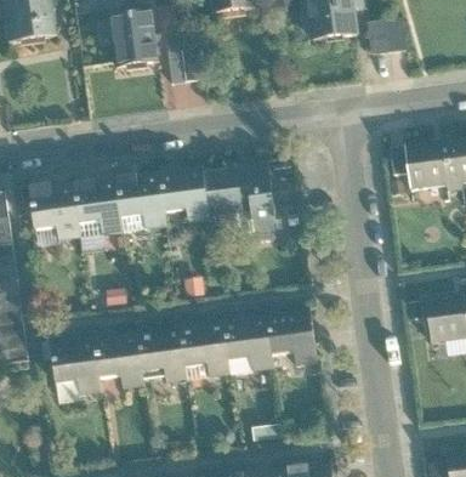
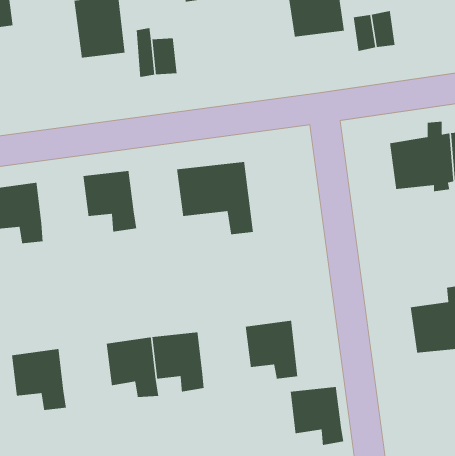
building: [160,166,211,225] -> none
building: [74,177,124,235] -> none
building: [225,318,275,374] -> [290,386,344,446]
building: [95,334,146,391] -> none

